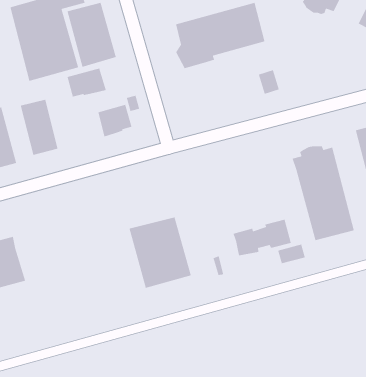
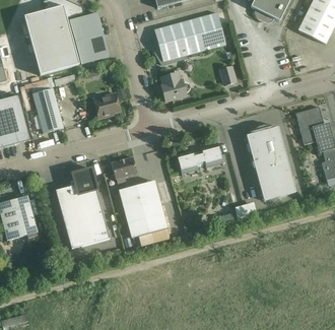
building: [67,68,107,98] -> none
building: none -> [161,72,190,102]
building: none -> [111,156,137,179]
building: none -> [55,168,110,249]
building: [232,216,292,260] -> [176,141,223,176]

